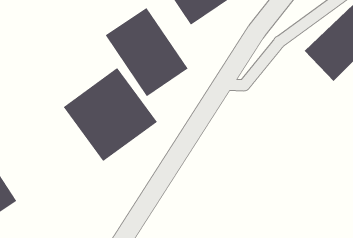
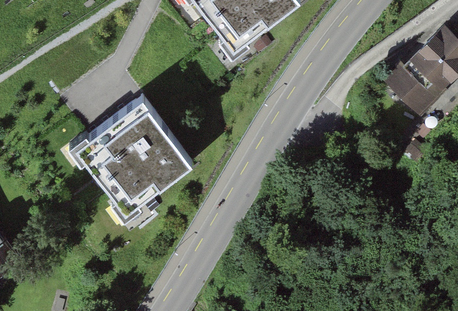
building: [105,7,189,97] -> none

